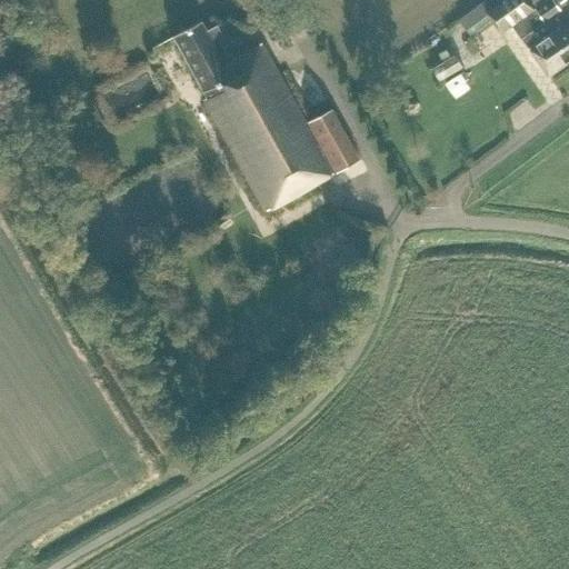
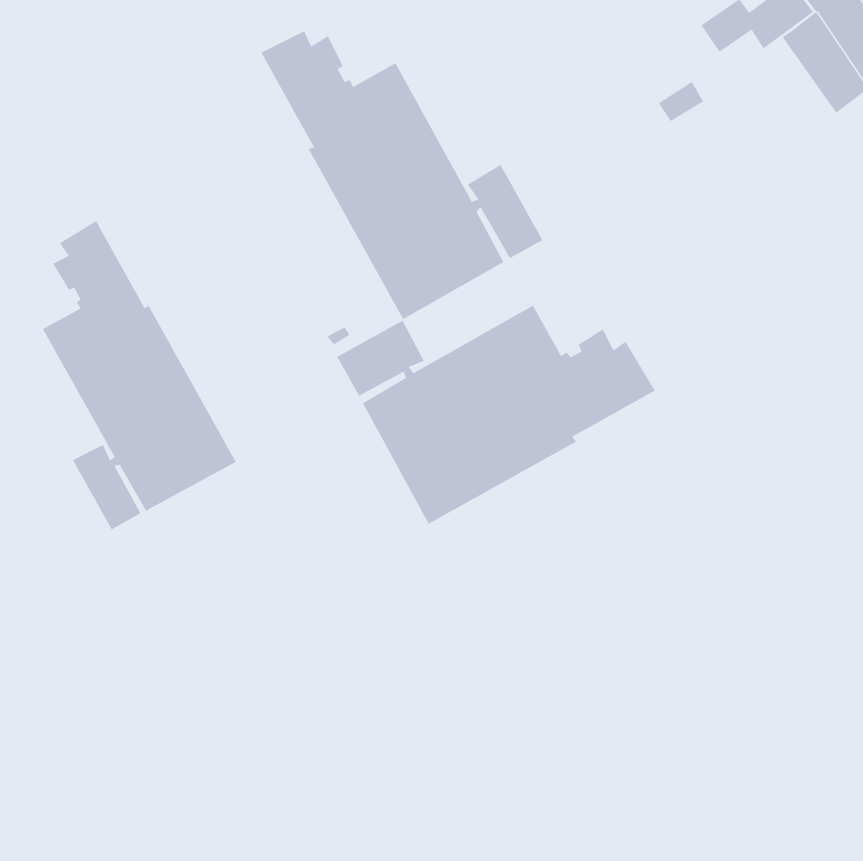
building: none -> [42,220,236,530]
building: none -> [337,305,655,524]

